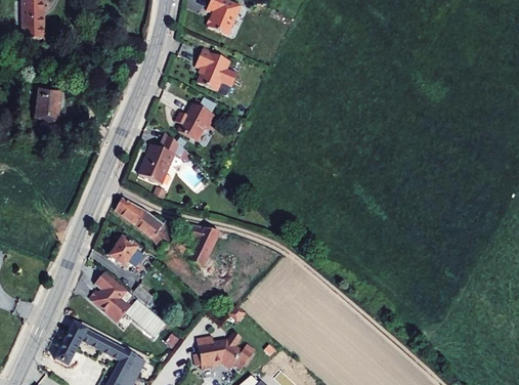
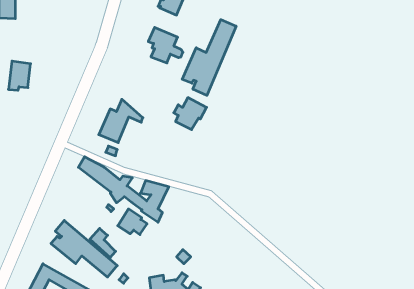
building: none -> [182,20,236,95]
building: [177,102,215,139] -> [174,98,207,130]
building: [110,238,143,267] -> [118,209,147,235]

